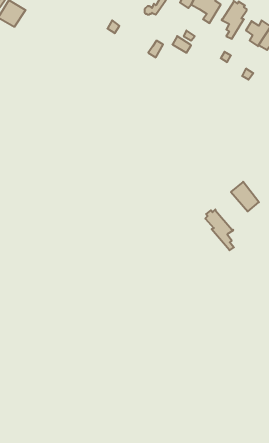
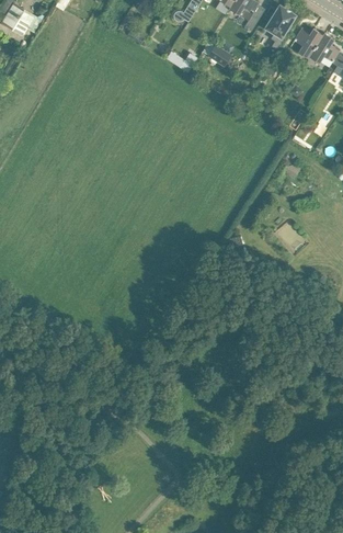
building: [206,209,234,250] -> none

